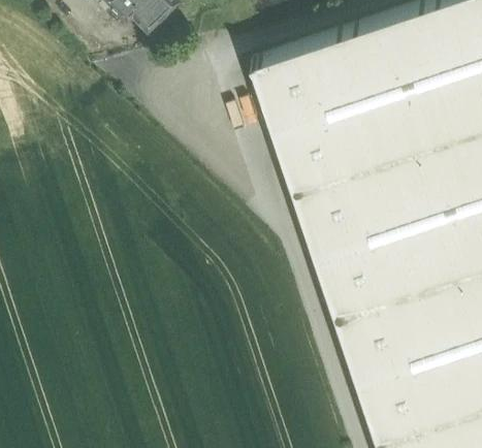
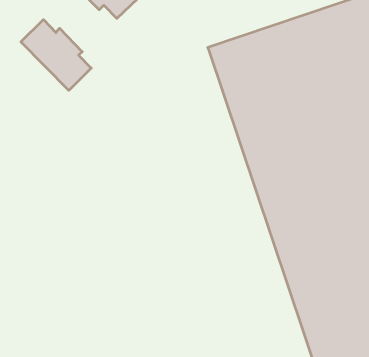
building: none -> [21,20,91,90]

